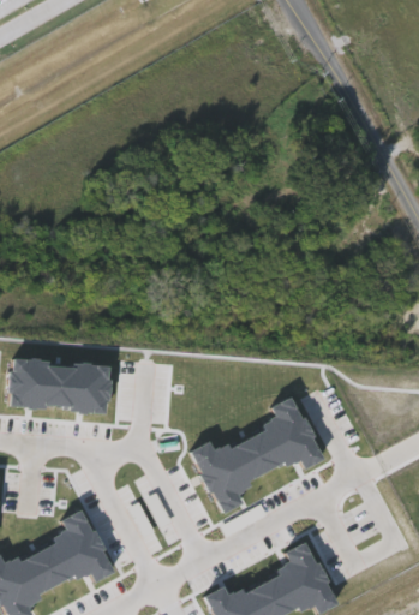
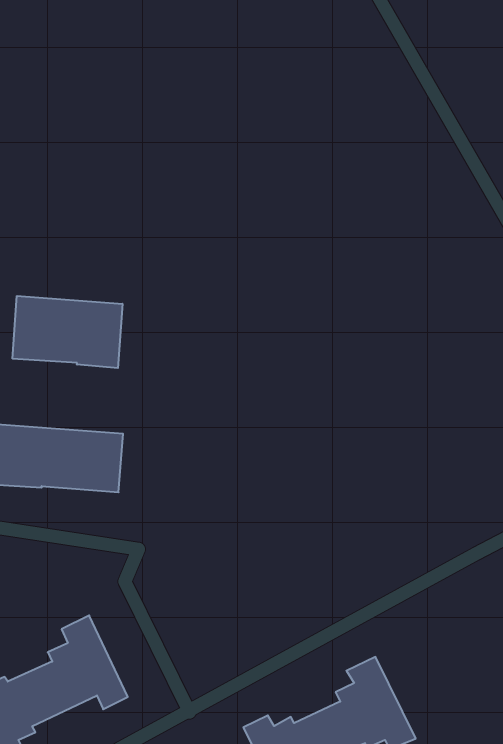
building: none -> [13,296,122,368]
building: [191,398,323,515] -> none

